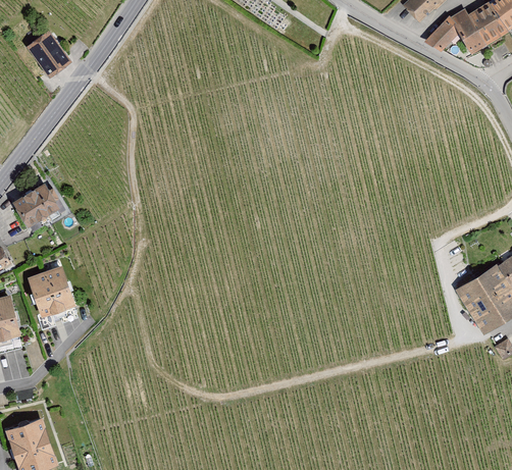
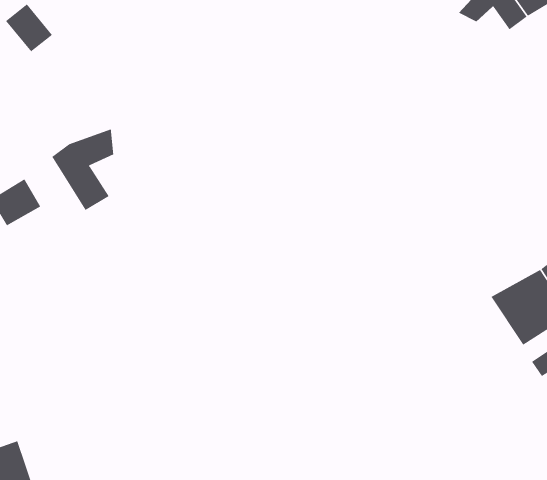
building: none -> [51,129,114,211]
building: [30,268,69,311] -> none

